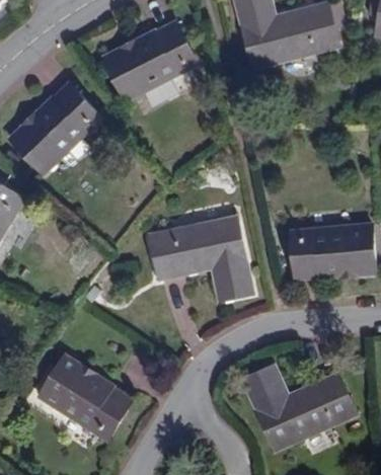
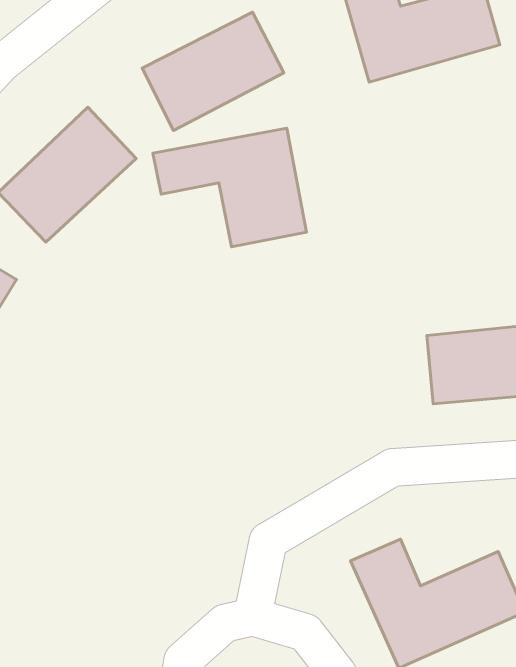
building: none -> [153,128,306,247]
building: [150,218,251,299] -> none
building: [40,358,132,439] -> none

